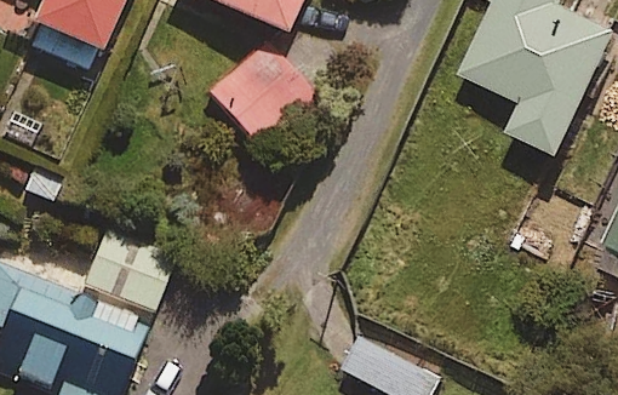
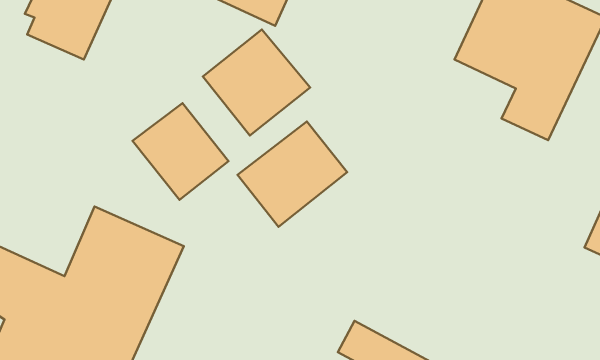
building: none -> [133,103,228,200]
building: none -> [237,121,347,227]

